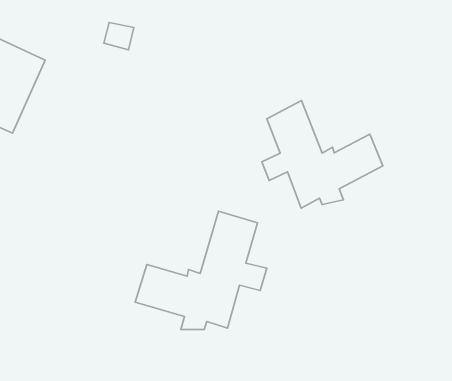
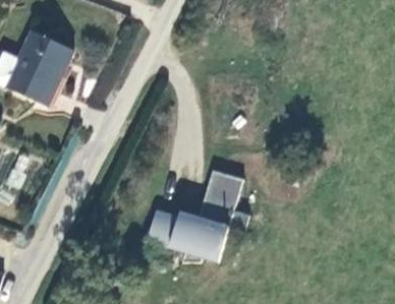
building: [262,100,383,208] -> none

